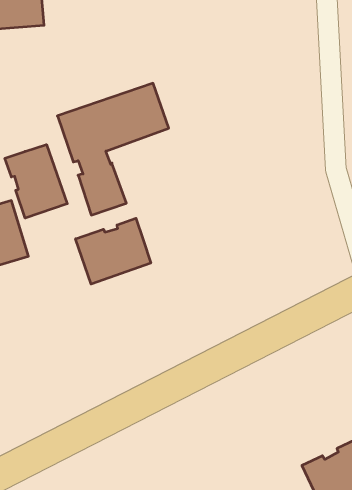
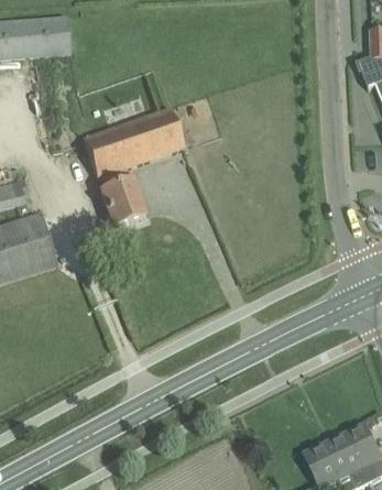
building: [5,145,67,218] -> none
building: [76,218,151,284] -> none

